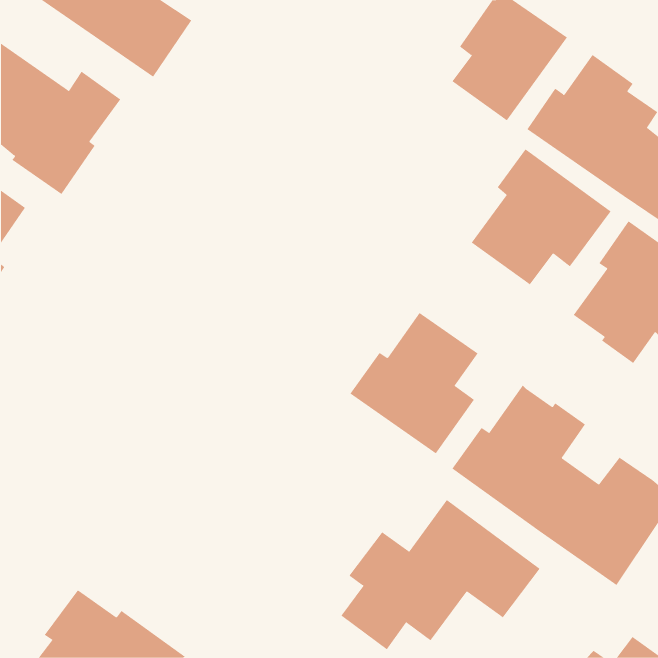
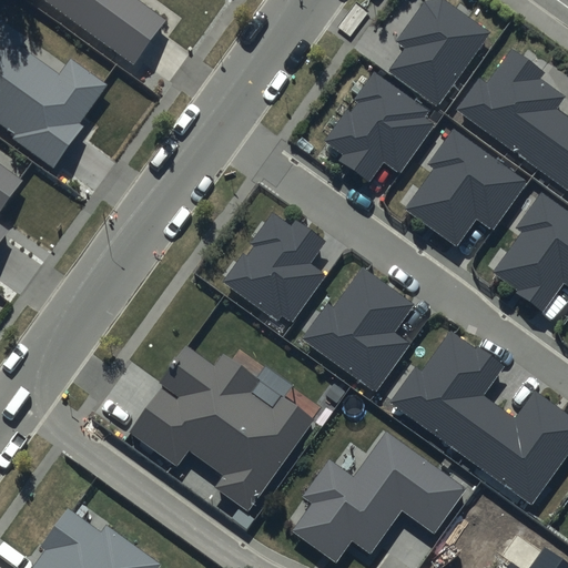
building: none -> [326,71,437,183]
building: none -> [223,211,328,324]
building: none -> [132,345,312,510]

